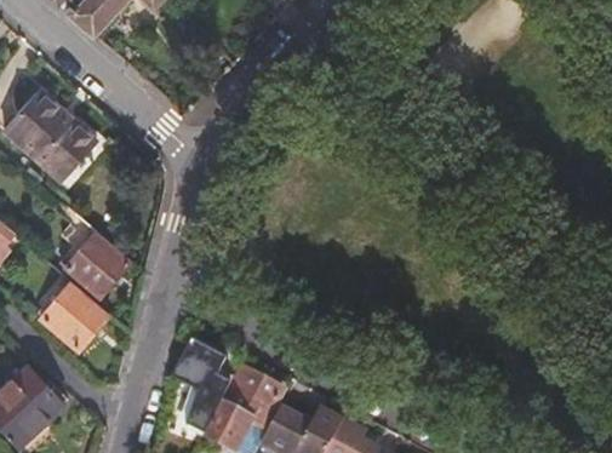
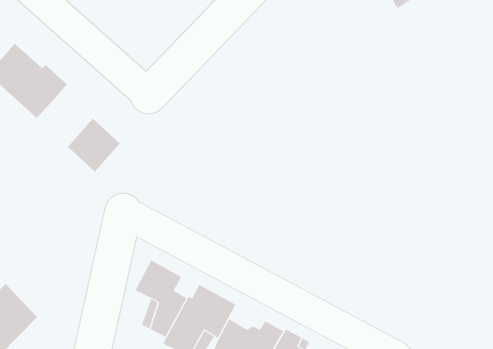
building: [67,231,127,293] -> [67,118,121,172]
building: [41,281,110,350] -> none

